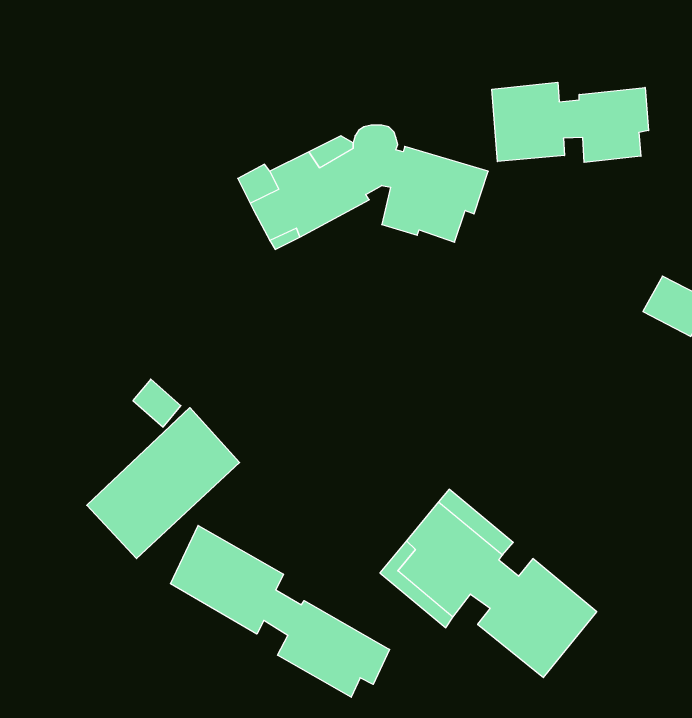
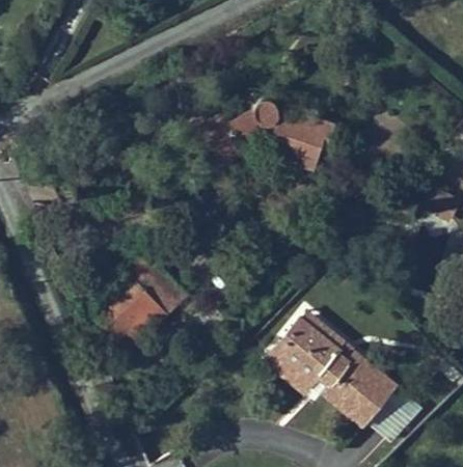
building: [492,82,649,162] -> none
building: [170,525,390,697] -> none

